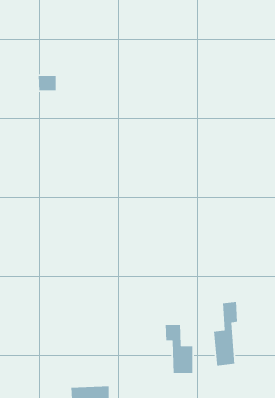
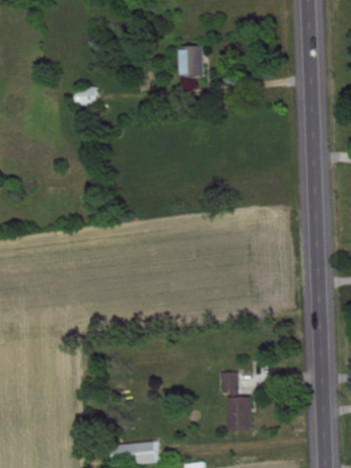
building: none -> [180,46,203,76]
building: [213,301,238,367] -> none

